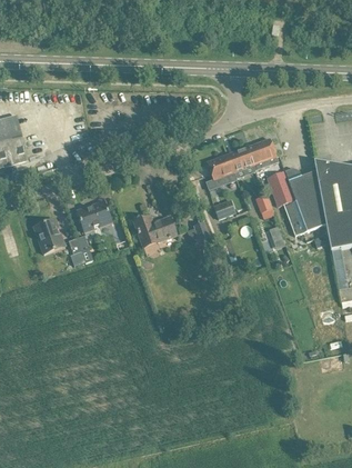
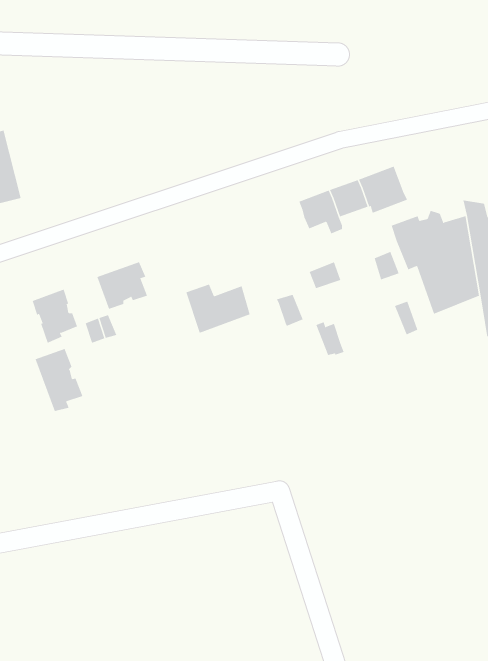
building: none -> [35,348,83,412]

